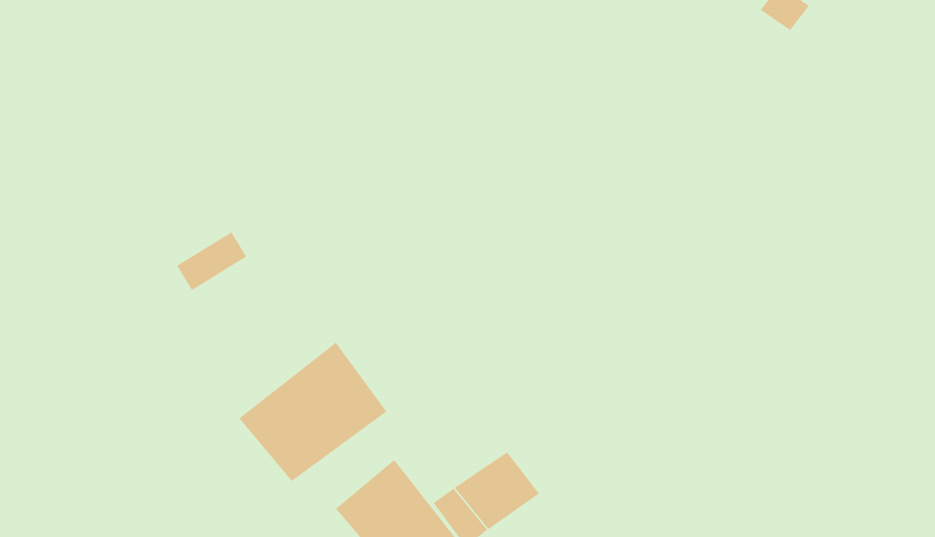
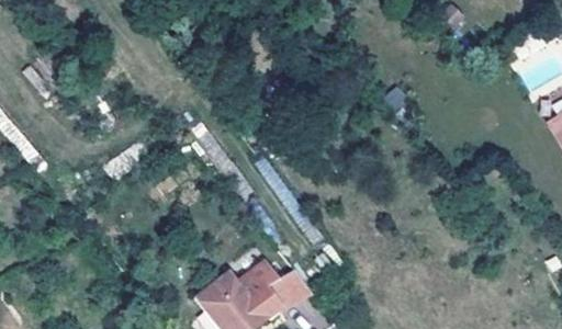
building: [239,342,387,482] -> none

